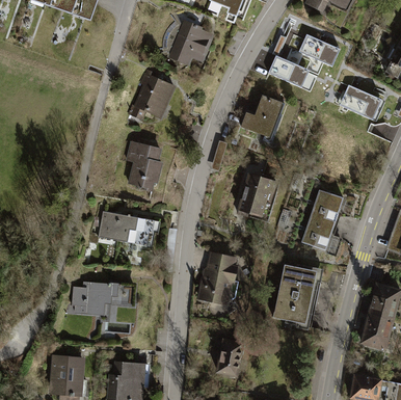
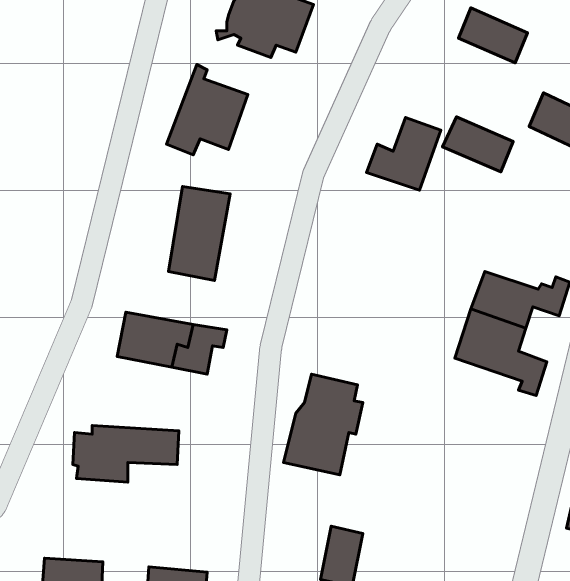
building: [267,54,309,86] -> [442,117,513,172]
building: [237,174,272,216] -> none
building: [273,264,323,328] -> none

